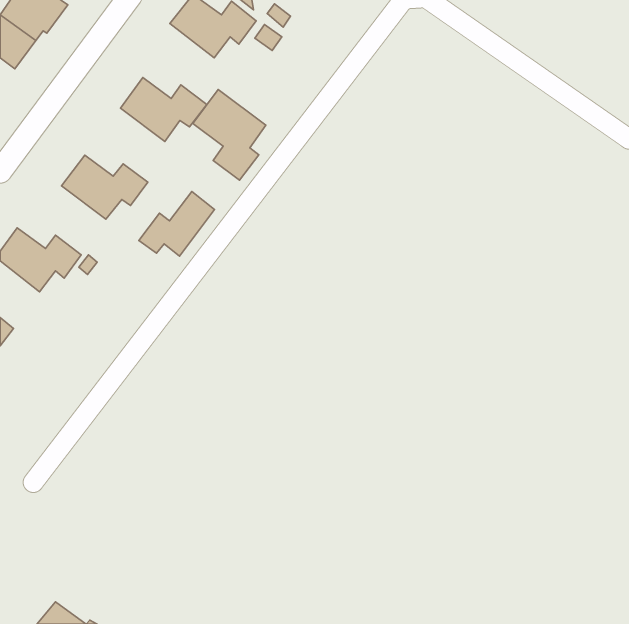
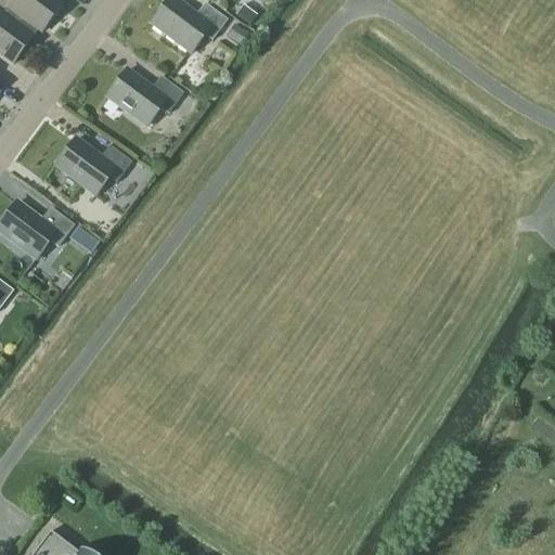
building: [193,89,266,180] -> none
building: [139,191,214,256] -> none

